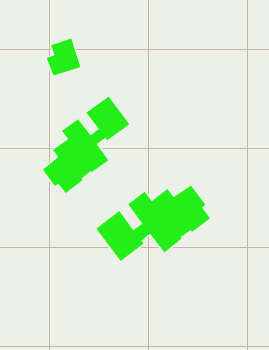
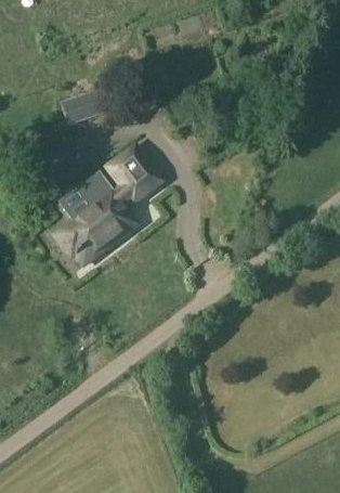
building: [95,185,211,262] -> none

